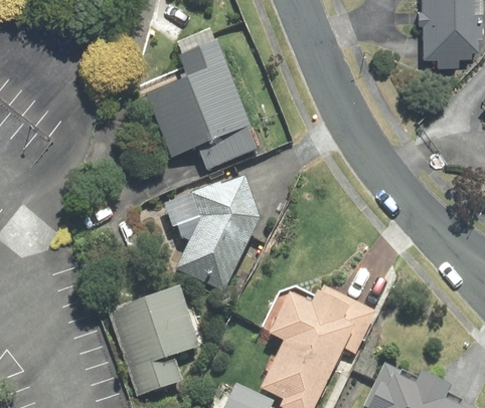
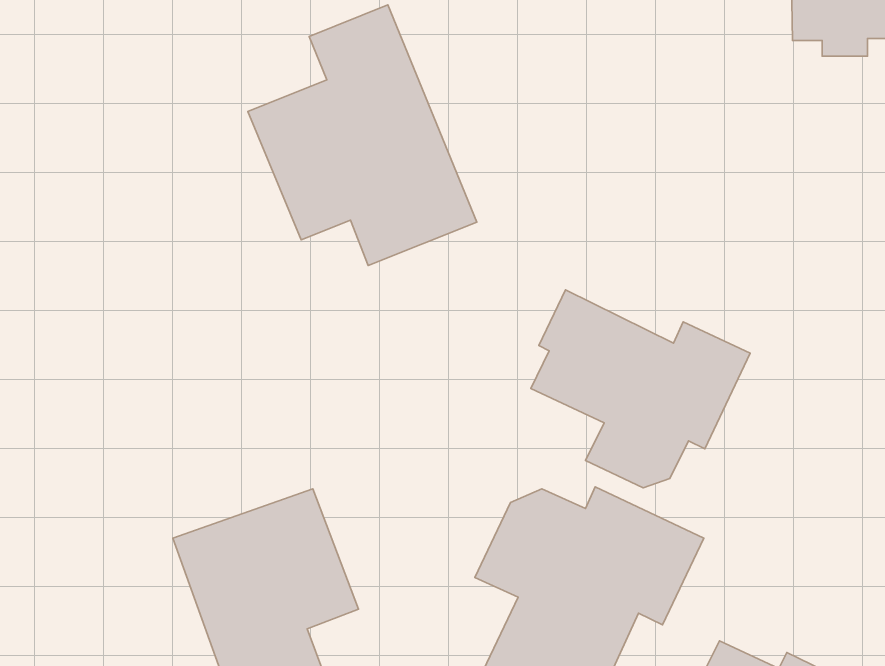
building: [161,175,258,292] -> none
building: none -> [531,290,750,488]

